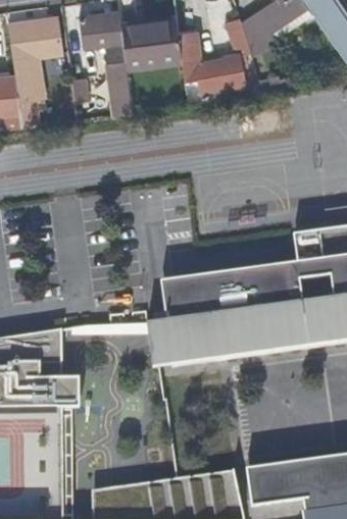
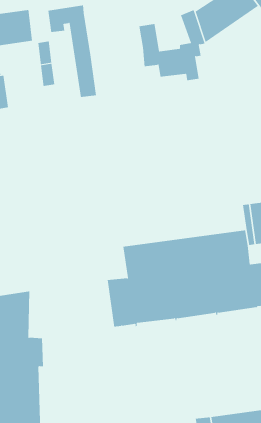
building: [120,13,184,67] -> none

